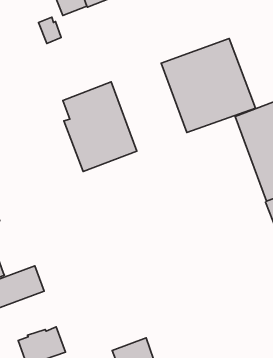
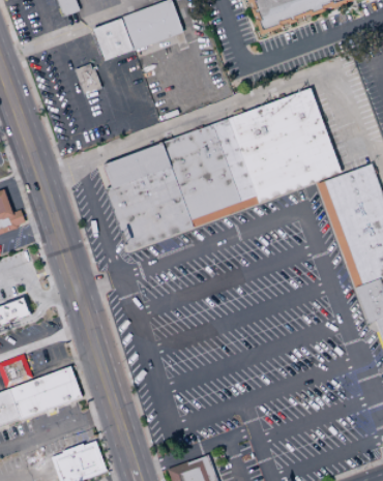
building: none -> [166,118,258,226]

